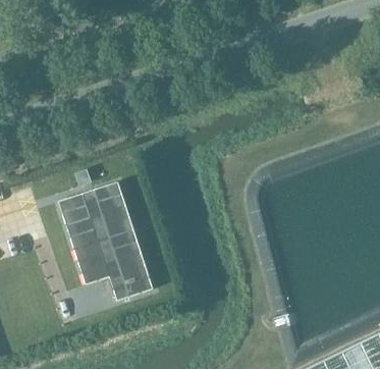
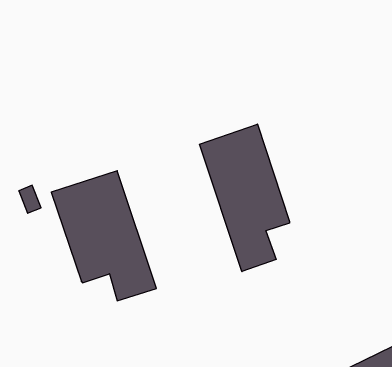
building: none -> [199,124,290,272]

